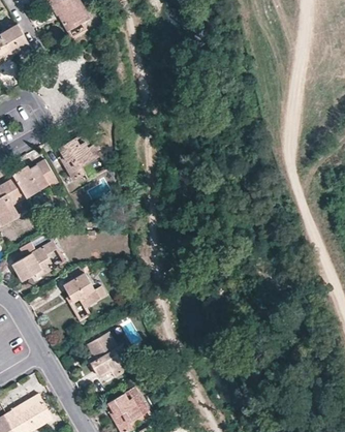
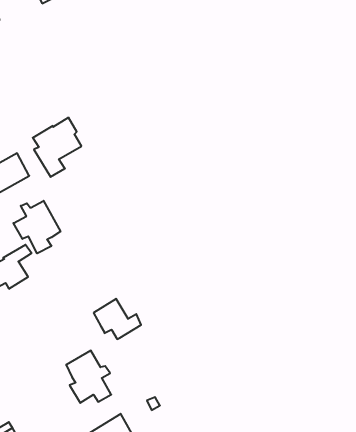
building: none -> [13,201,60,253]
building: [64,272,105,307] -> [94,299,141,339]

